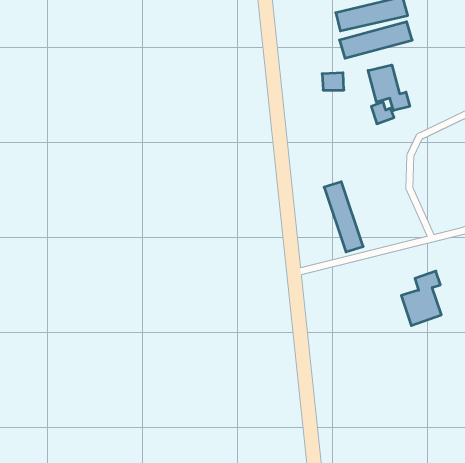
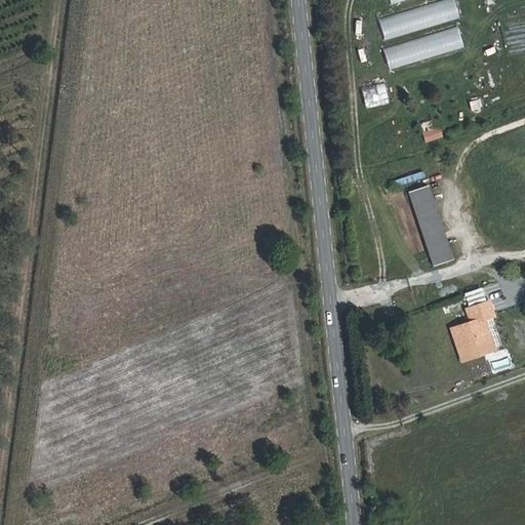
building: [368,65,410,111] -> none
building: [324,182,363,252] -> [410,192,454,271]

